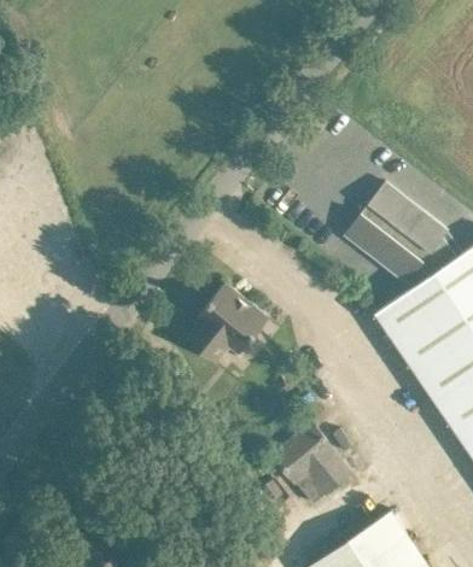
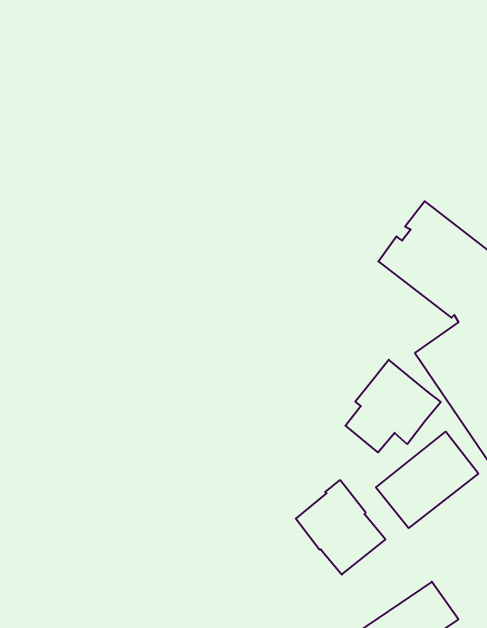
building: [187,285,269,364] -> [345,360,441,452]
building: none -> [376,432,478,528]

